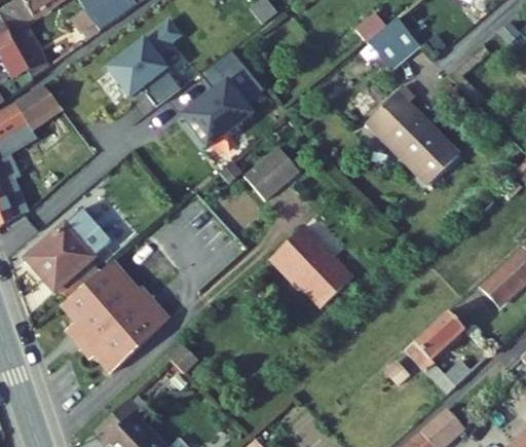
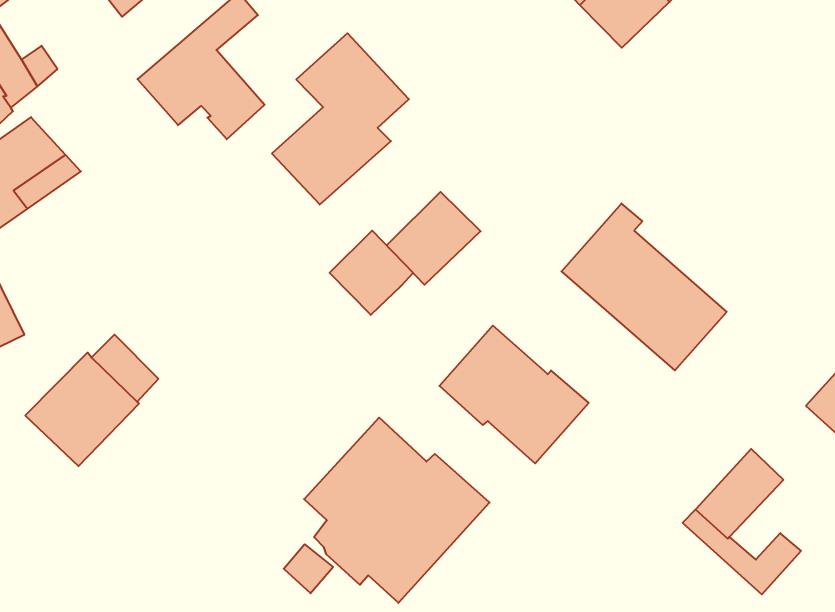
building: [366,85,460,185] -> [561,203,727,370]
building: none -> [330,231,413,315]
building: [64,262,172,371] -> [304,418,490,603]

